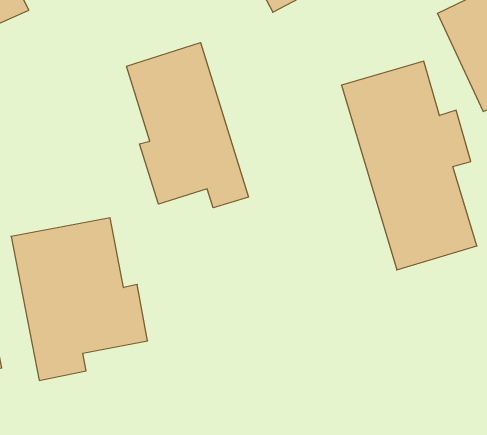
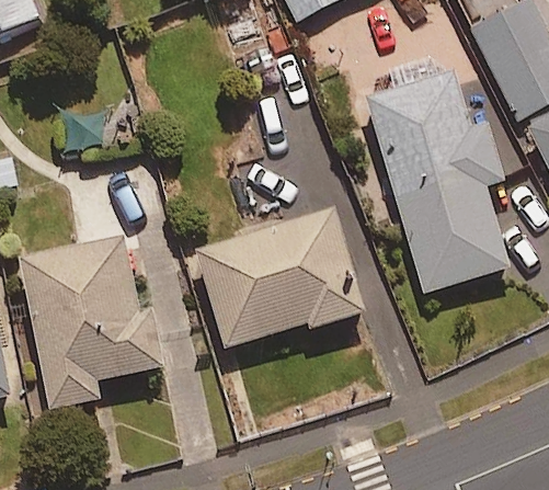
building: [126,43,249,208] -> none
building: none -> [196,208,365,346]

